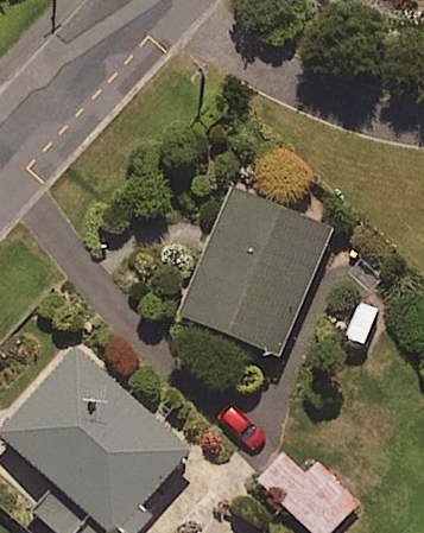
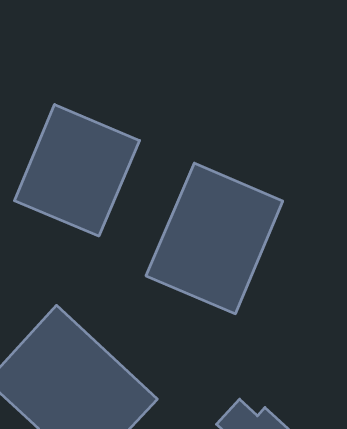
building: none -> [14,104,140,236]

